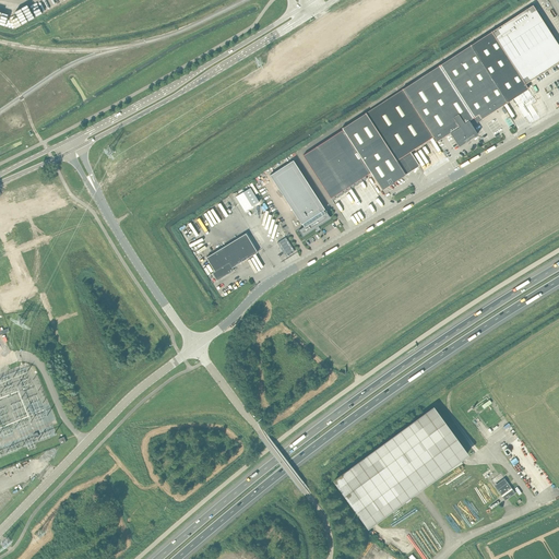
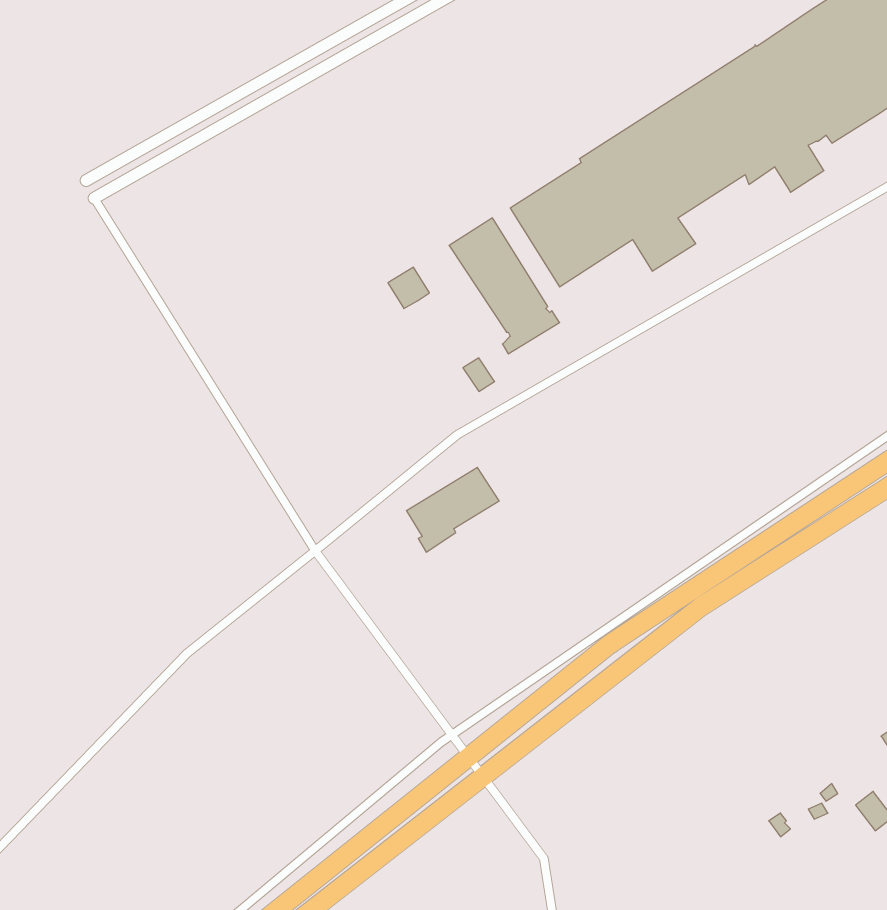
building: [205,234,257,281] -> [406,467,499,552]
building: [340,407,475,525] -> none

